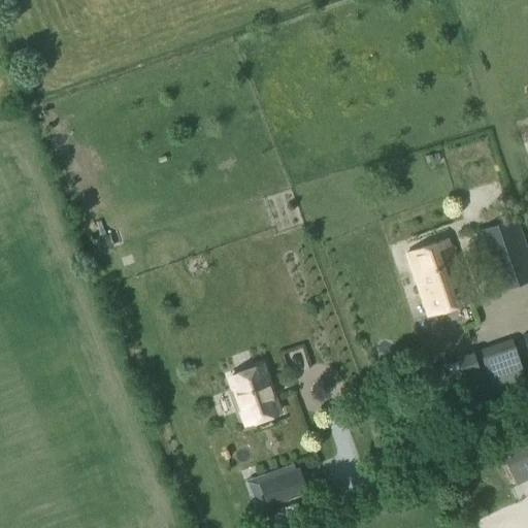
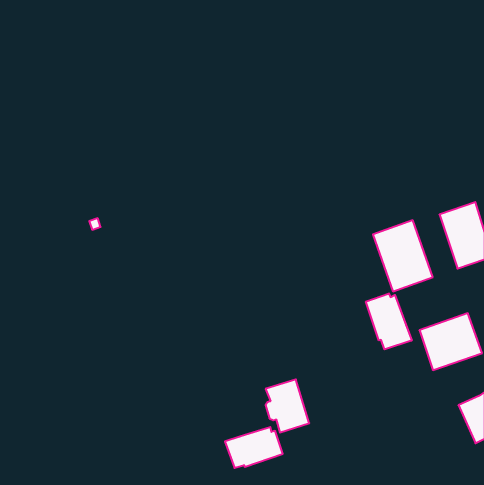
building: none -> [366,293,412,349]
building: [234,356,282,414] -> [266,379,309,433]

